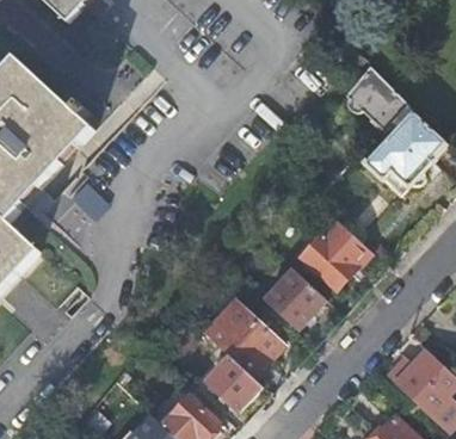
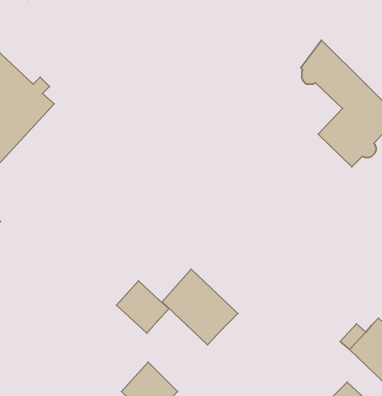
building: [301,218,369,287] -> none
building: [265,267,325,327] -> none
building: [205,355,259,409] -> [116,281,169,333]

